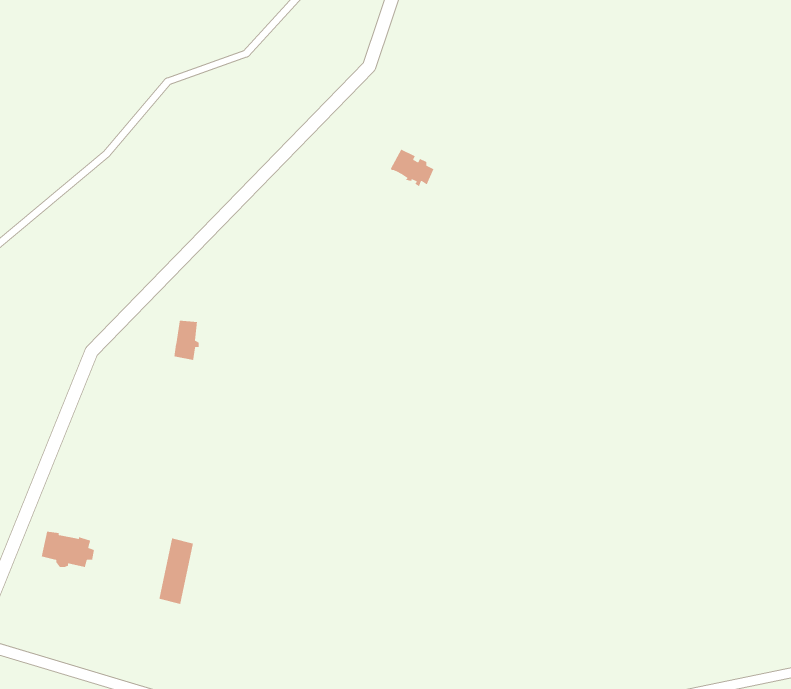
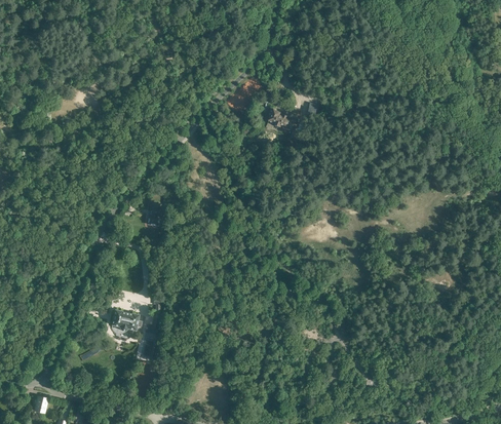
building: [41,531,95,568] -> [112,311,142,332]

